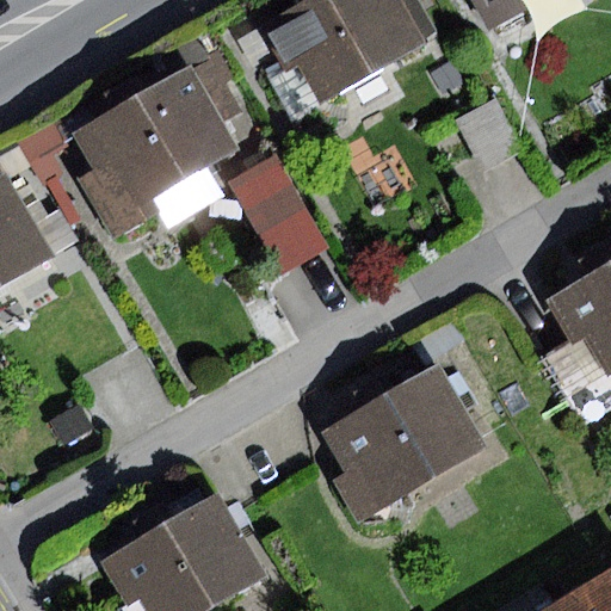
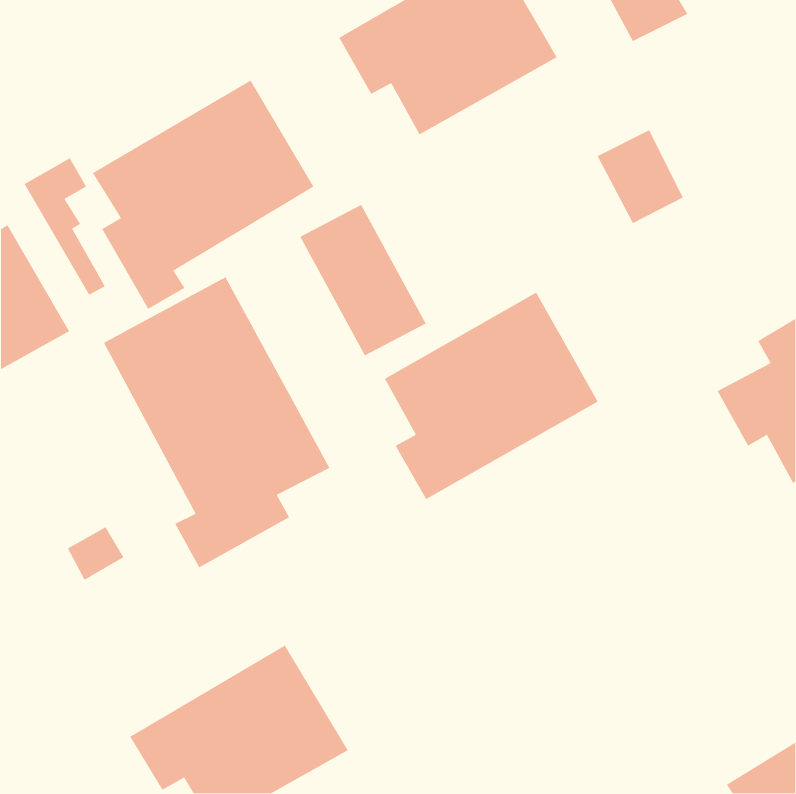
building: none -> [103,276,331,568]
building: [323,363,488,523] -> [384,291,599,500]

